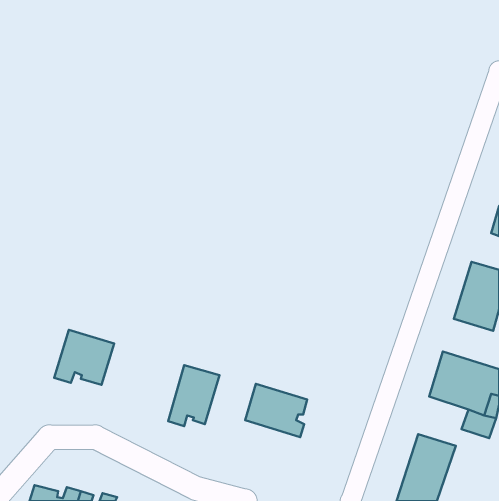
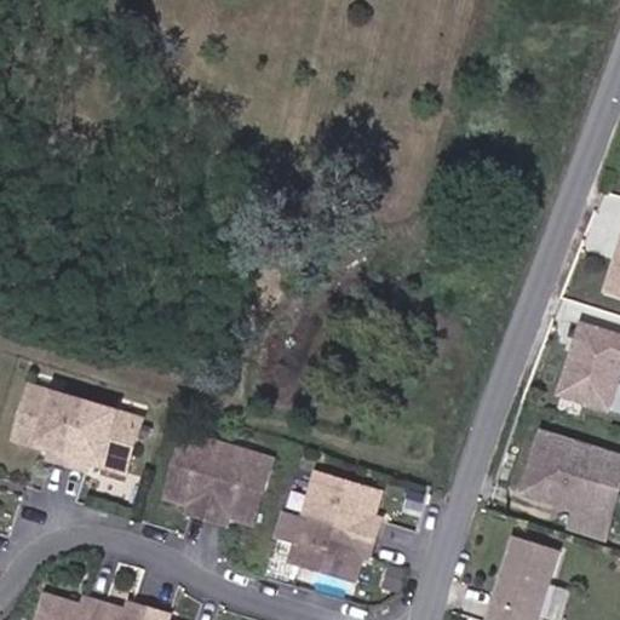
building: none -> [15,390,85,465]
building: none -> [165,435,226,518]
building: none -> [272,511,369,580]

